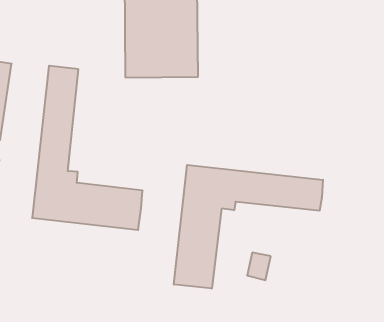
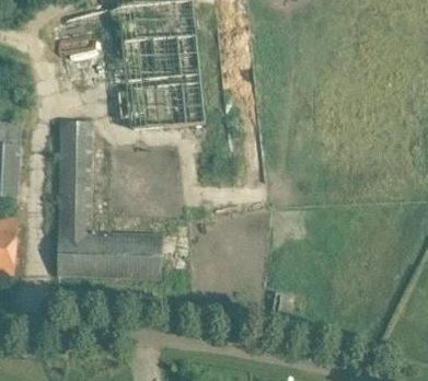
building: [174,165,323,289] -> none

